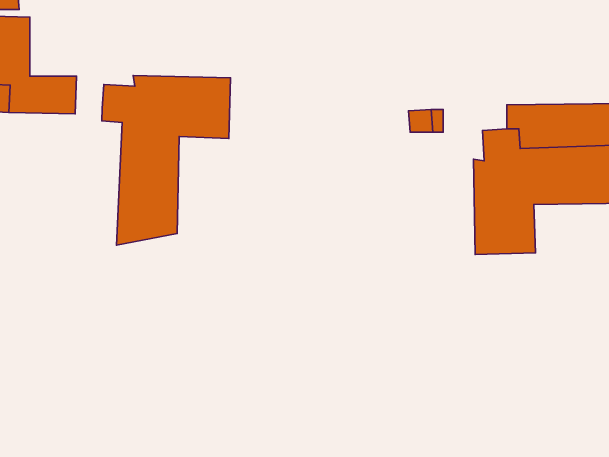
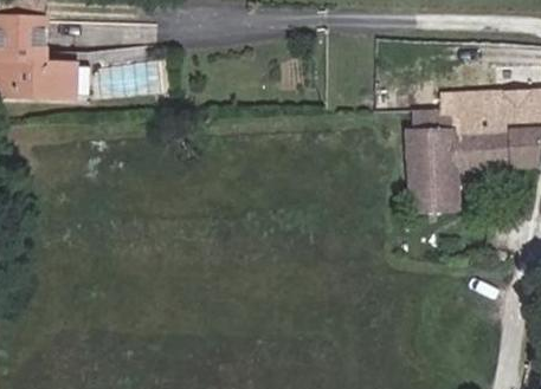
building: [102,76,231,245] -> none

